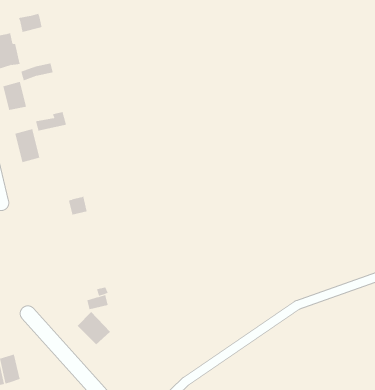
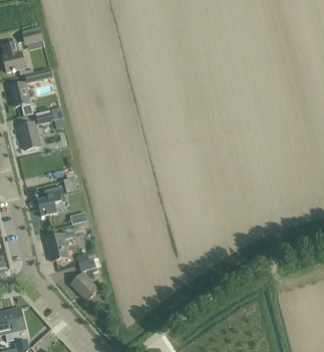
building: none -> [37,186,64,215]
building: none -> [46,220,87,260]

